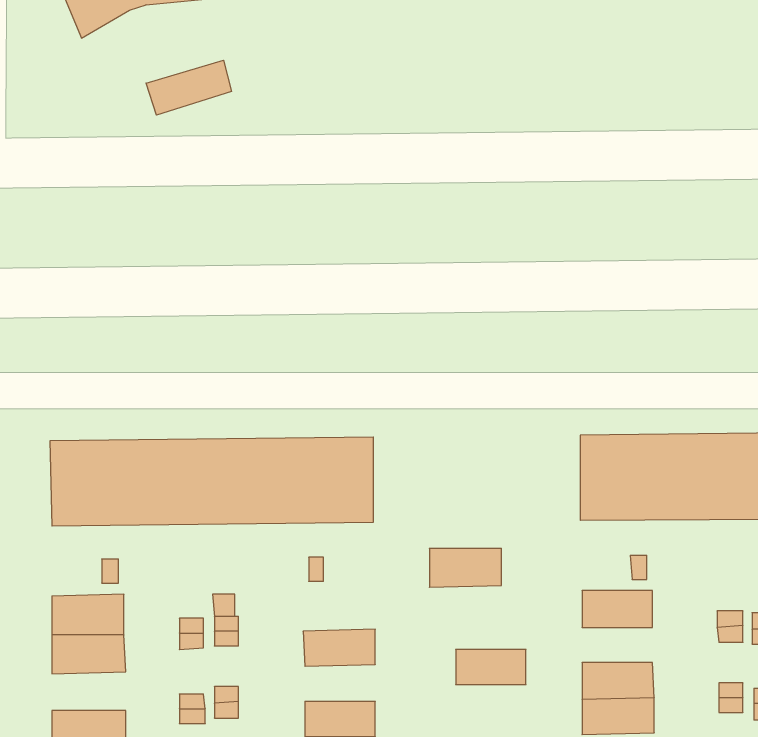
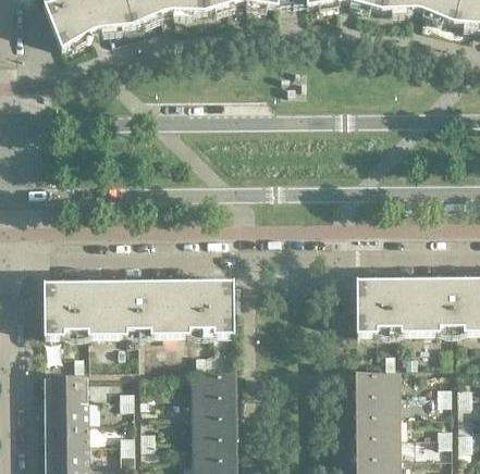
building: [146,60,232,115] -> none
building: [429,548,501,587] -> [193,372,235,395]
building: [456,649,526,685] -> [357,392,398,413]
building: none -> [194,414,235,436]
building: none -> [45,419,88,441]

